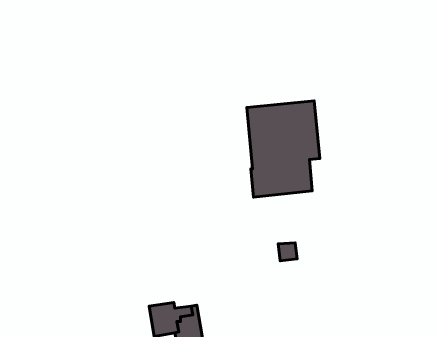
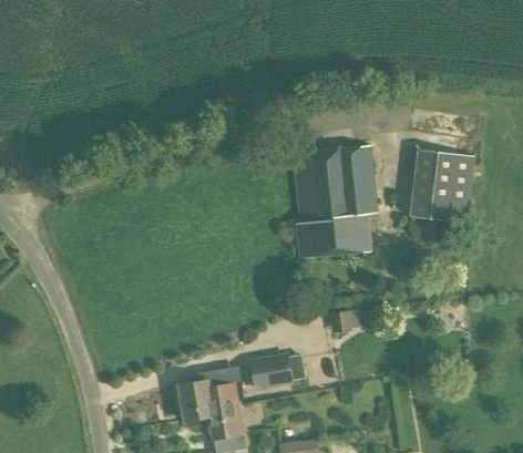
building: none -> [410,148,475,222]
building: none -> [249,351,306,391]

